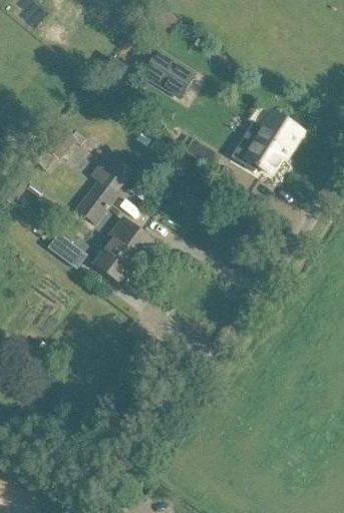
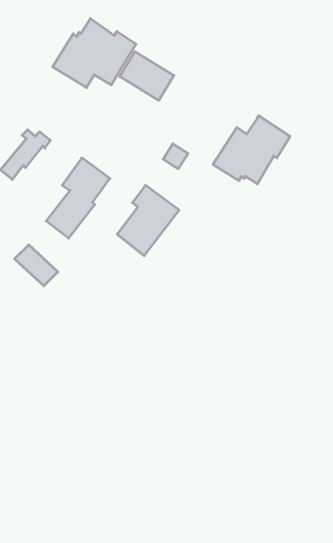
building: none -> [53,18,136,88]
building: [96,218,153,284] -> [117,185,179,256]

